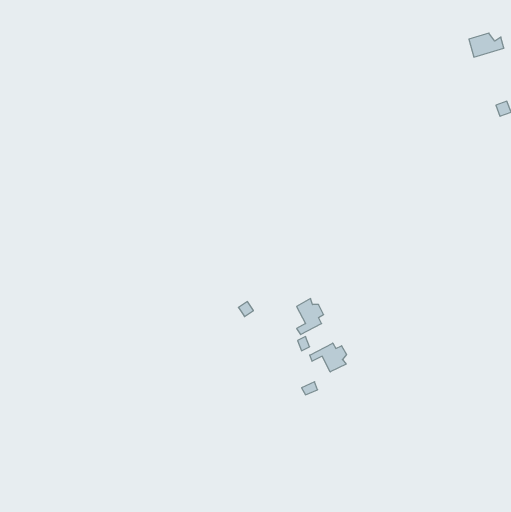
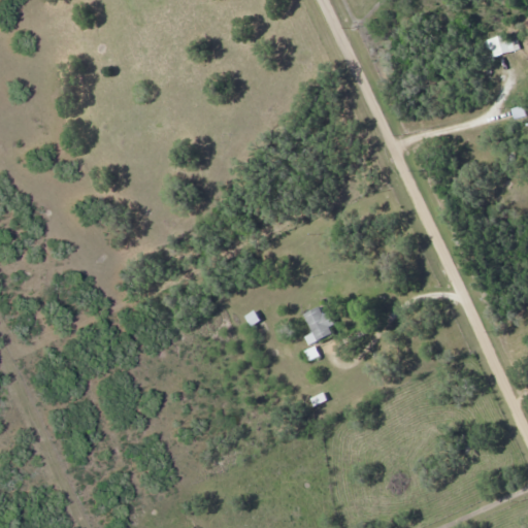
building: [310,343,346,372] -> none

